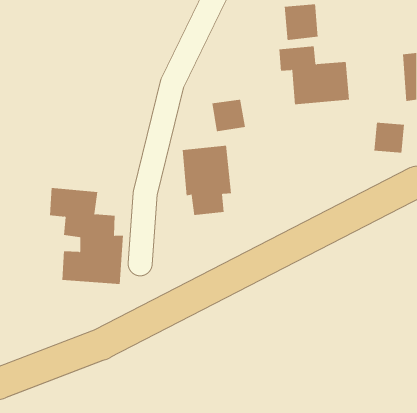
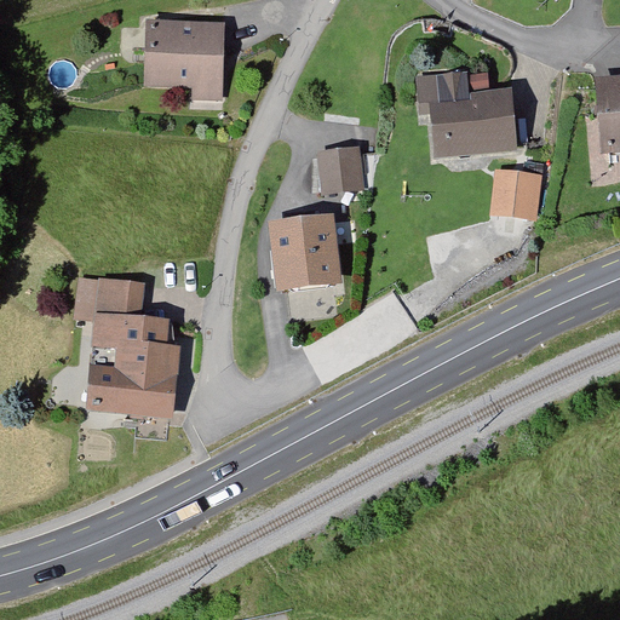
building: [284,3,318,41] -> none
building: none -> [144,17,222,103]
building: [374,122,405,153] -> [490,167,536,213]

